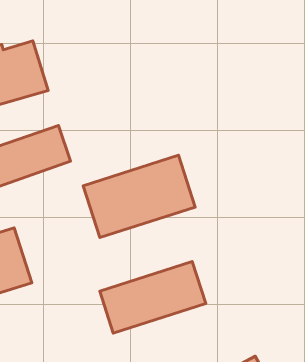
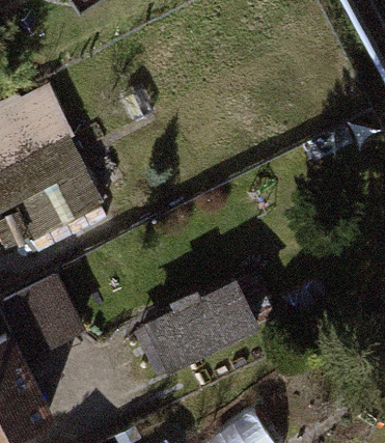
building: [83,155,195,238] -> none

